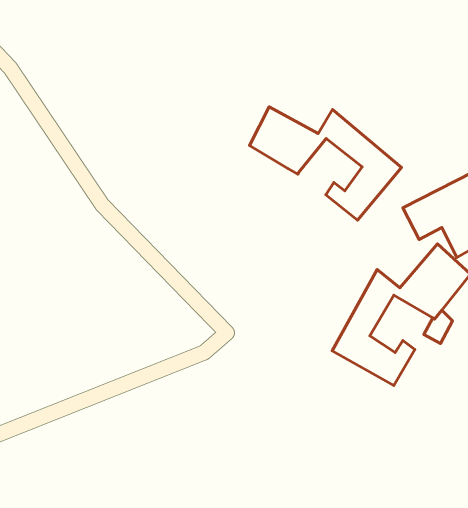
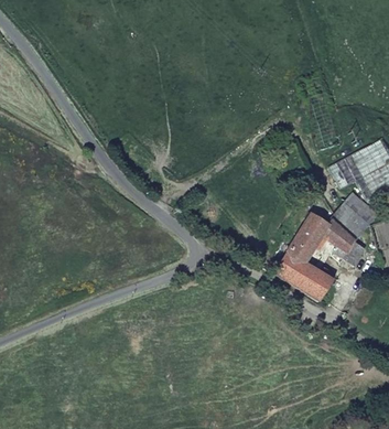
building: [250,107,401,220] -> none

